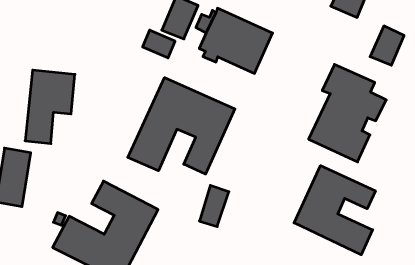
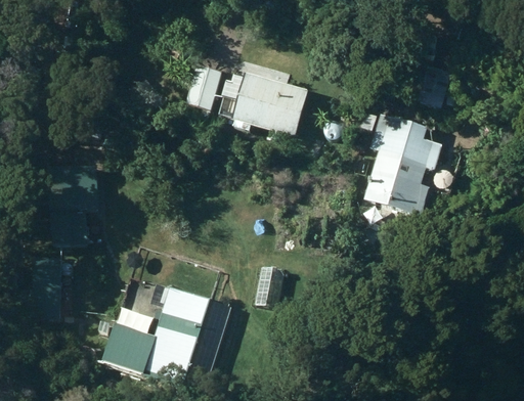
building: [128,78,235,174] -> none
building: [294,166,375,255] -> none

